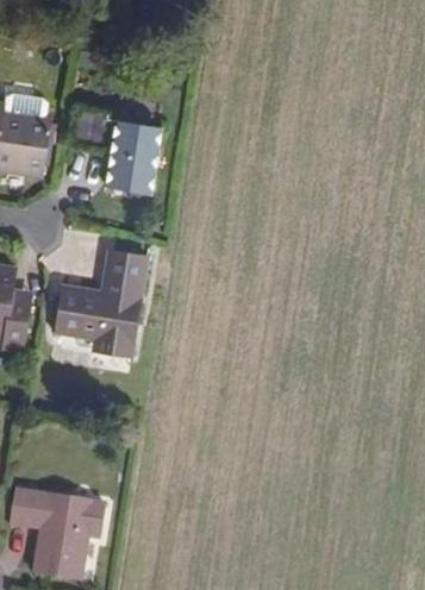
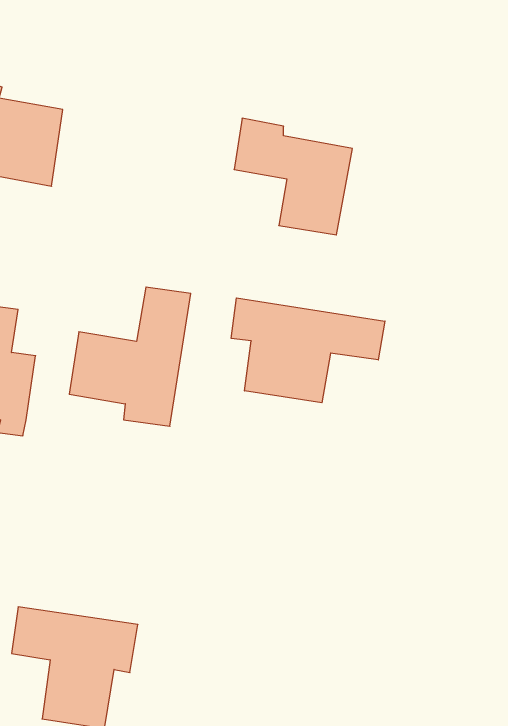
building: [73,107,161,194] -> [234,118,352,235]
building: none -> [231,298,385,403]

